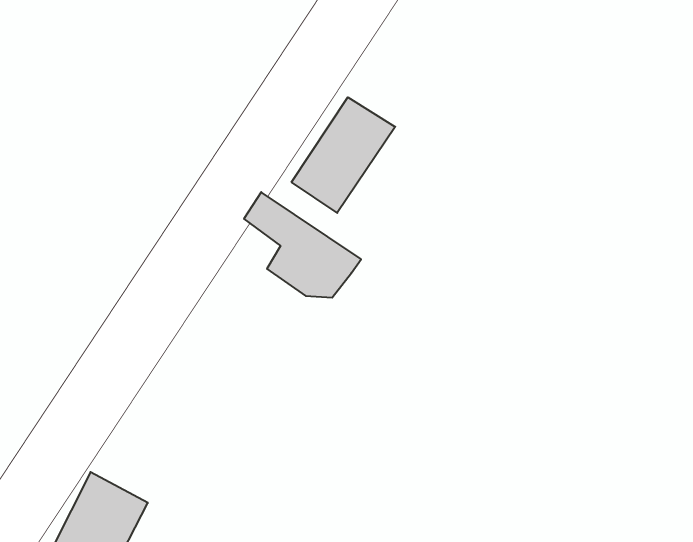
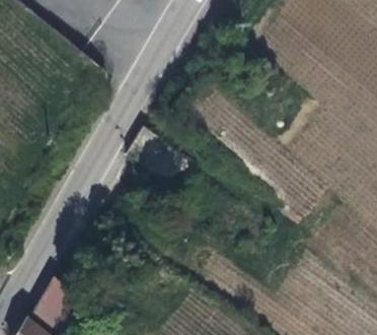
building: [292,97,395,213] -> none

